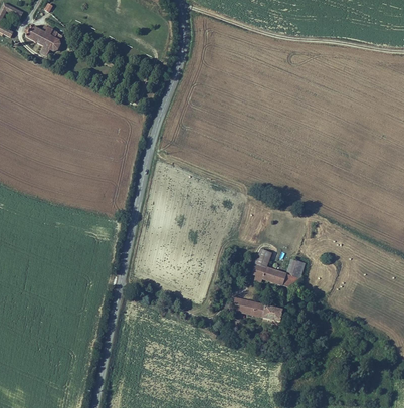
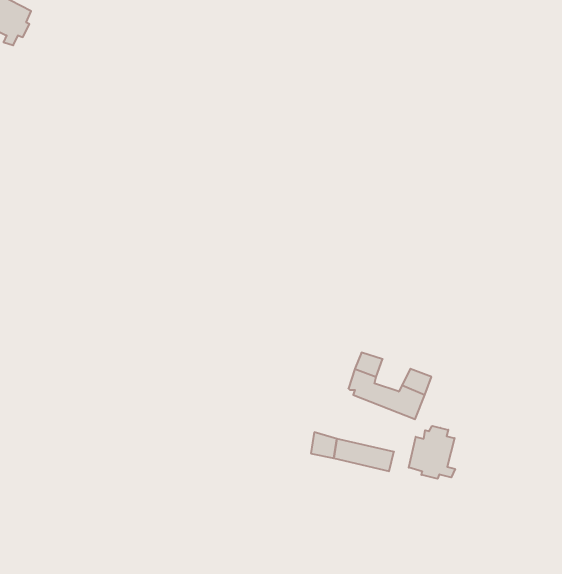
building: none -> [409,426,455,479]

